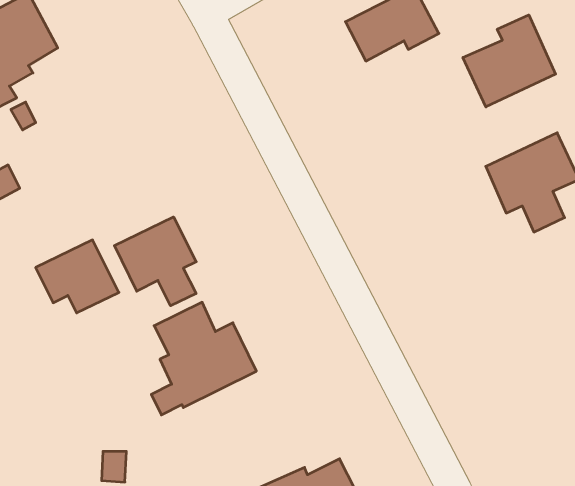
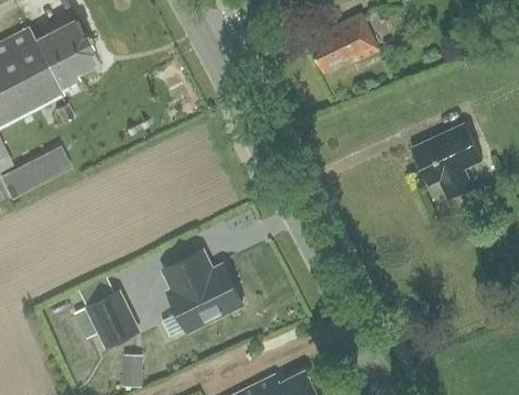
building: [463,15,556,107] -> none
building: [114,217,196,306] -> none
building: [36,240,119,313] -> [75,292,138,347]

